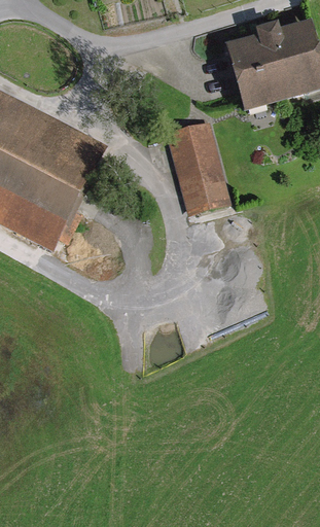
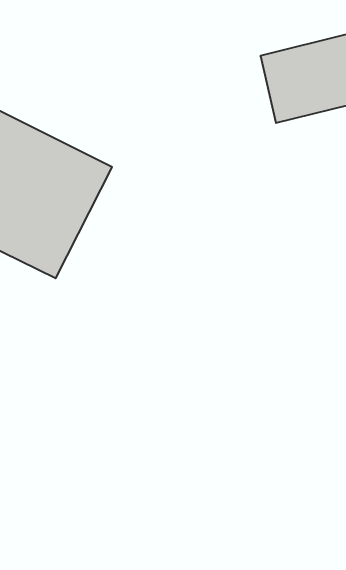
building: [167,128,224,212] -> none

